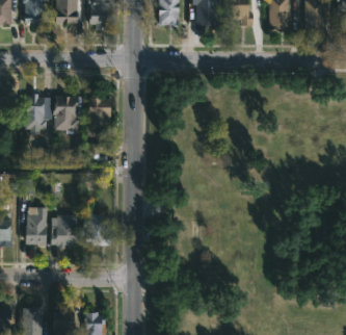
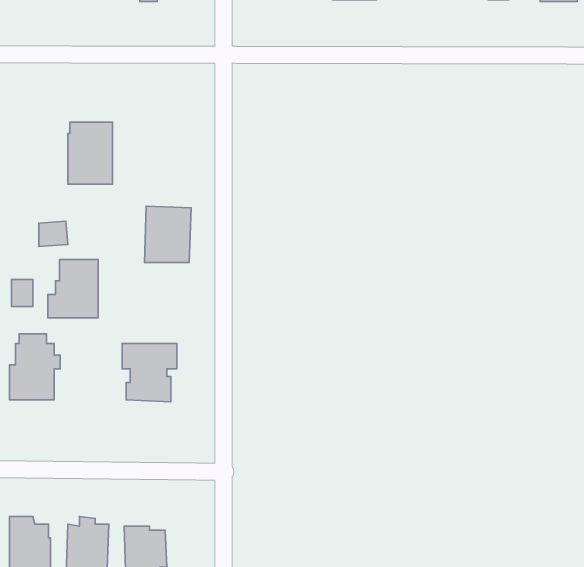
building: [25,93,49,128] -> none
building: [87,96,112,126] -> [144,206,191,262]
building: [50,213,77,244] -> [48,260,98,318]

